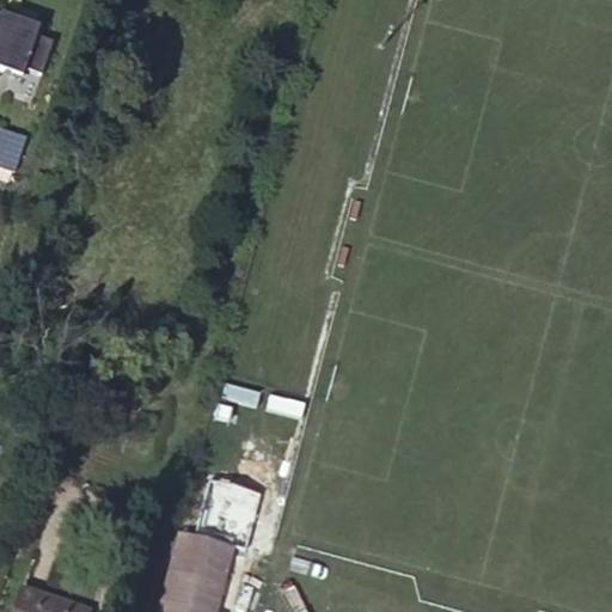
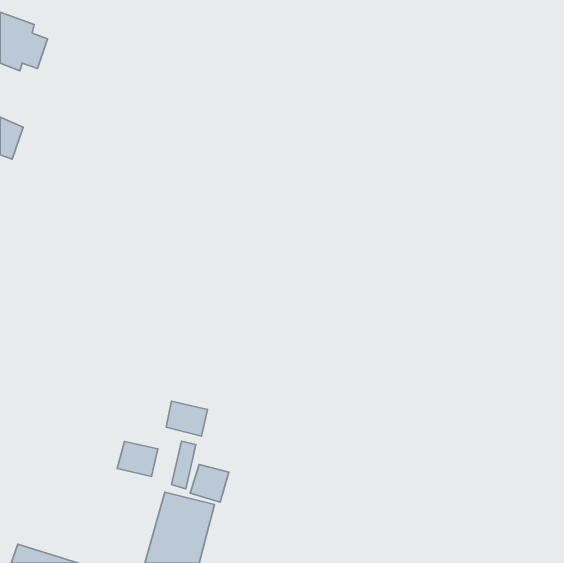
building: none -> [166,401,208,436]
building: none -> [117,442,158,476]

